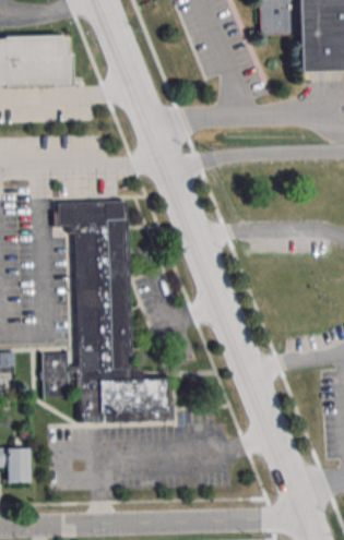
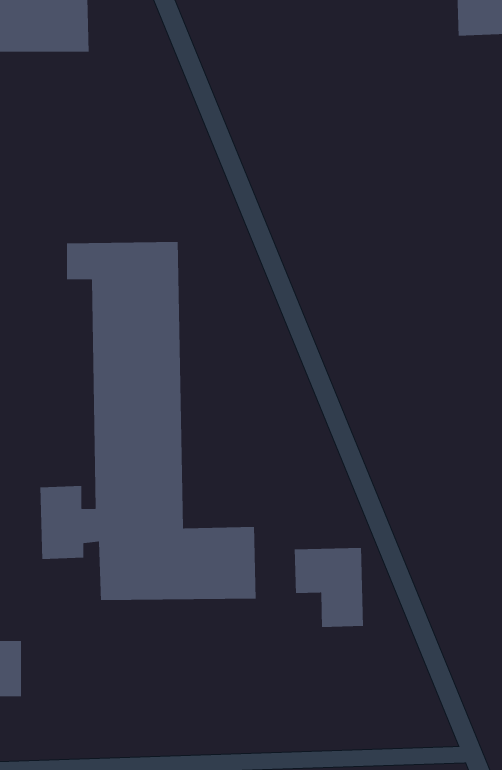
building: none -> [294,547,364,628]

